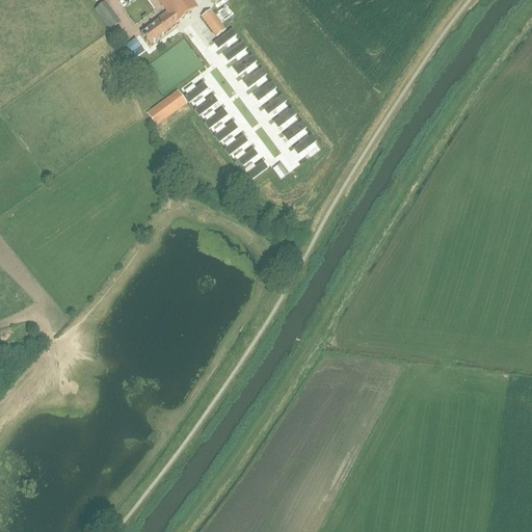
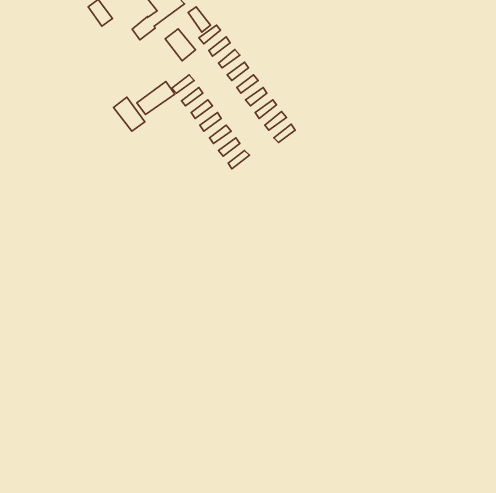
building: none -> [165,29,196,61]
building: none -> [114,97,145,131]

